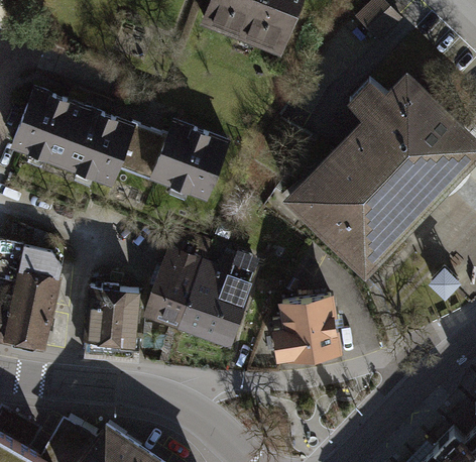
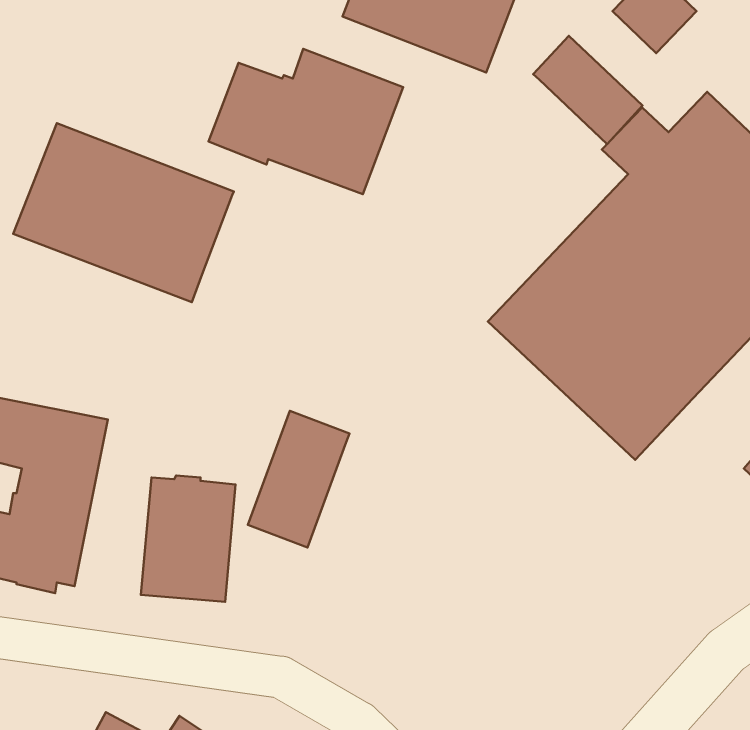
building: none -> [533,36,643,144]
building: [119,118,231,202] -> [209,49,403,194]
building: [180,259,256,346] -> none
building: [272,295,344,362] -> none

